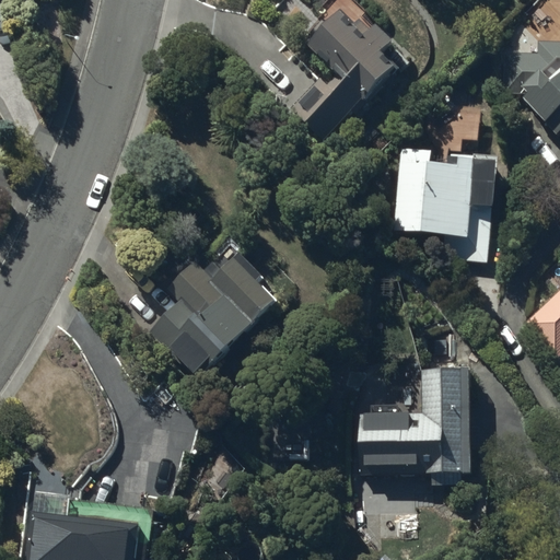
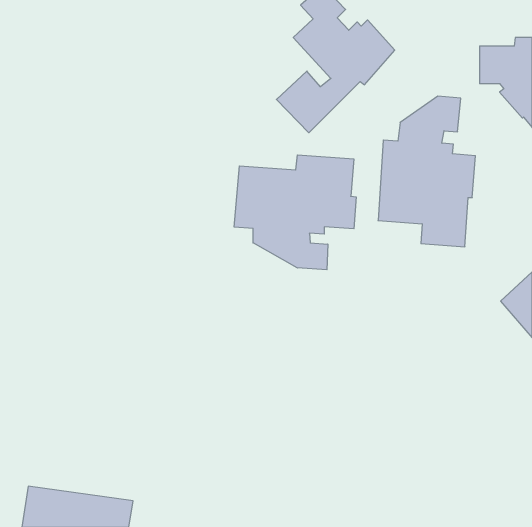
building: none -> [234,155,356,270]
building: [148,248,277,375] -> none
building: [358,369,469,474] -> none

